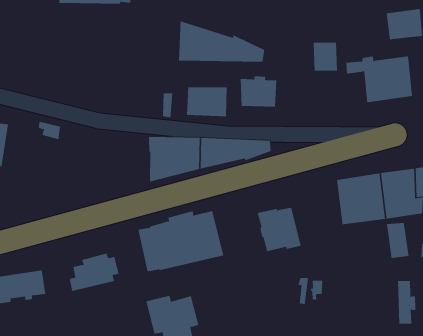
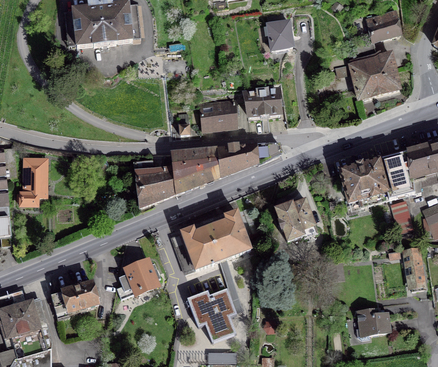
building: [178,21,265,63] -> none
building: [313,42,338,71] -> [267,21,292,49]
building: none -> [133,160,176,207]

